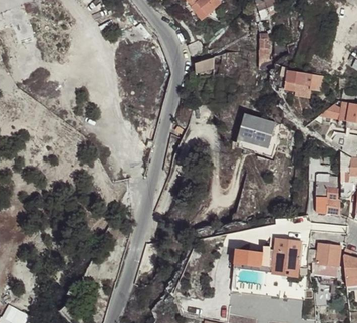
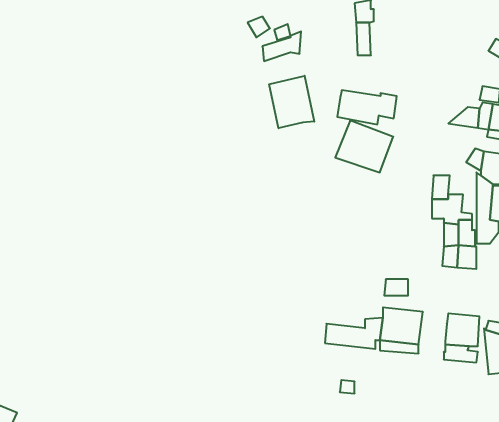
building: [282,71,322,94] -> [337,90,397,124]
building: none -> [269,76,314,128]

